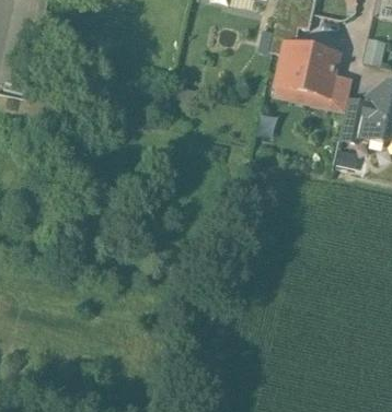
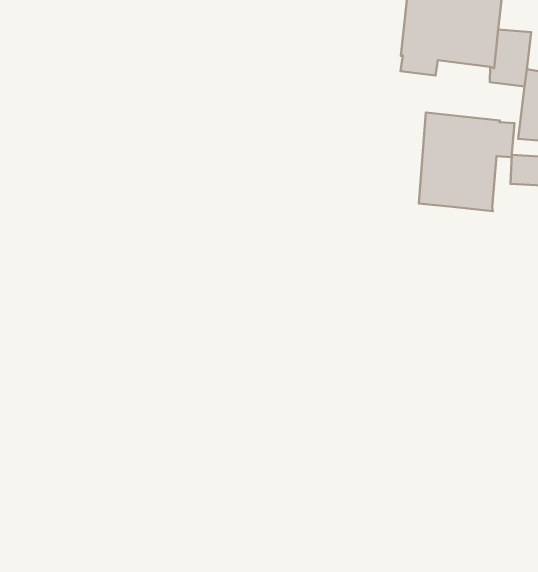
building: none -> [419,113,514,211]

